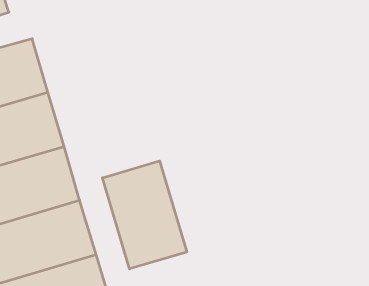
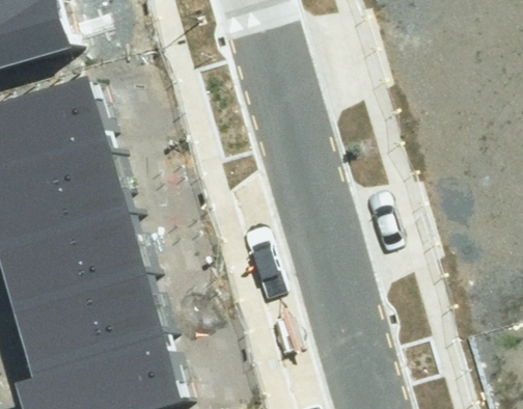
building: [102,161,187,269] -> none

